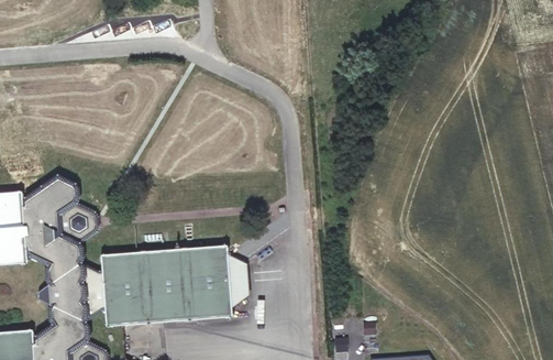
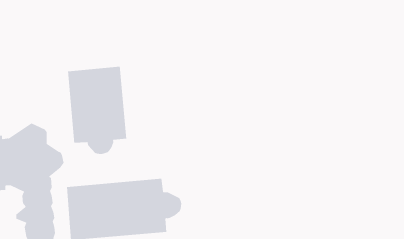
building: none -> [68,66,127,155]

